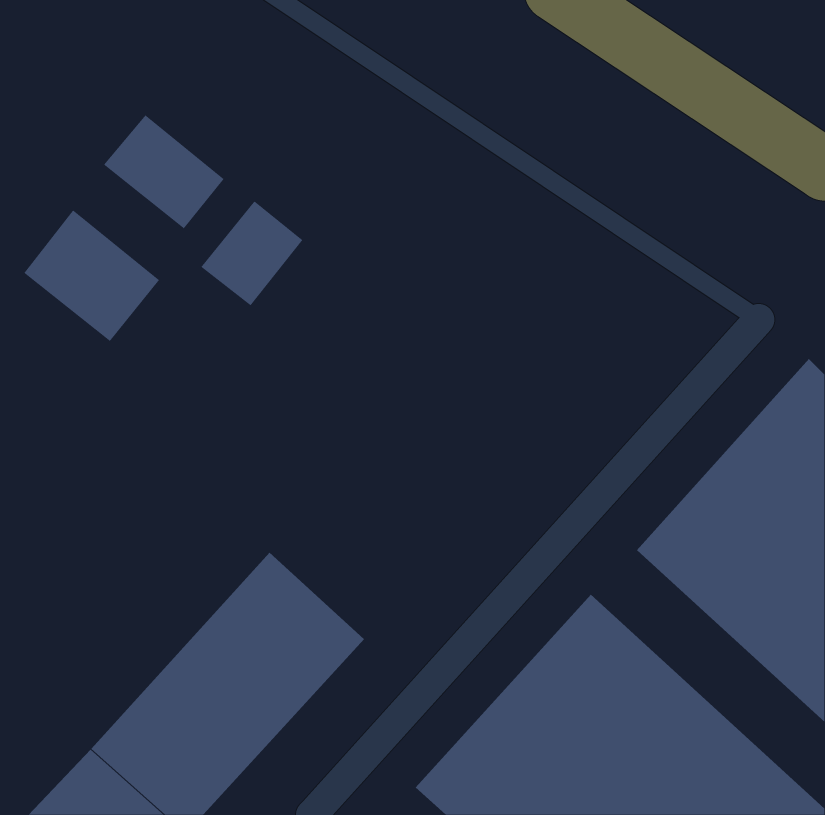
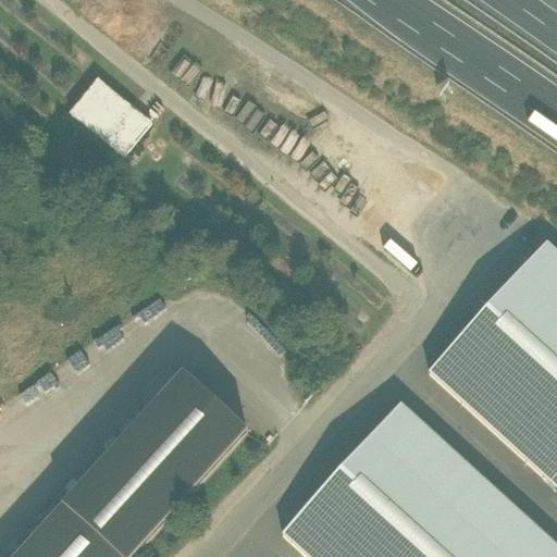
building: [200,201,303,306] -> none
building: [23,209,160,342] -> none

